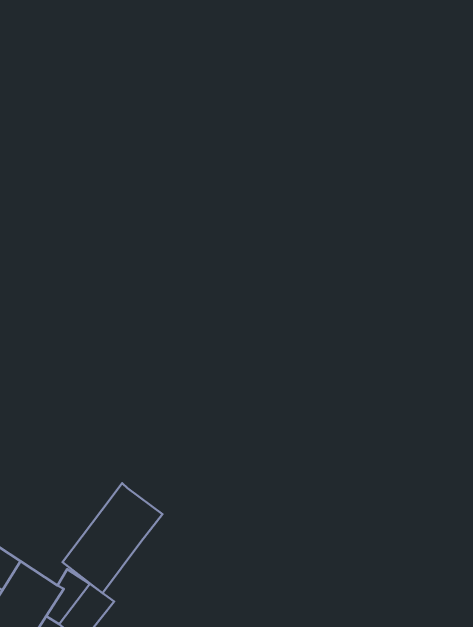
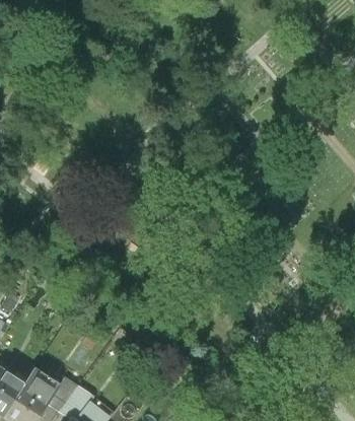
building: [62,483,163,593] -> none

